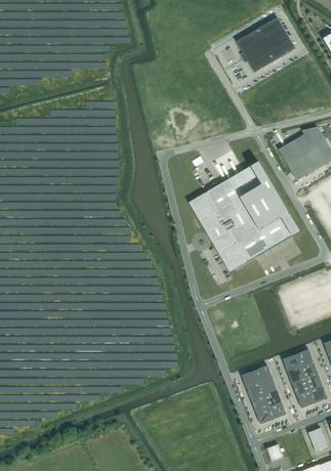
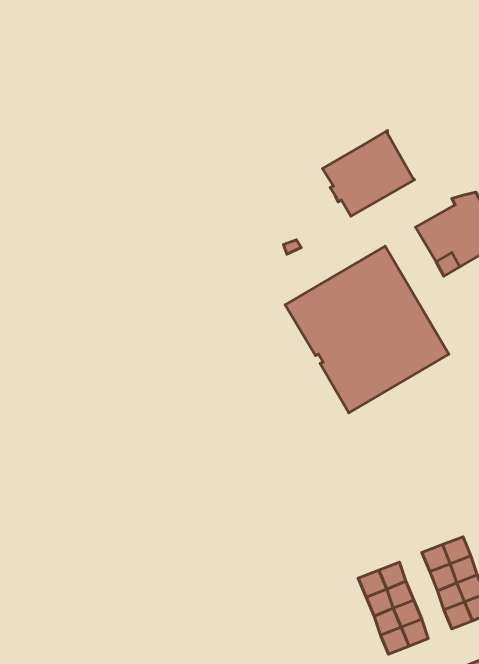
building: [236,16,295,72] -> [322,130,414,216]

